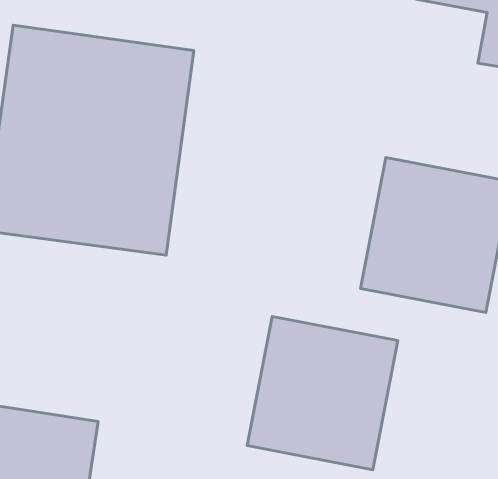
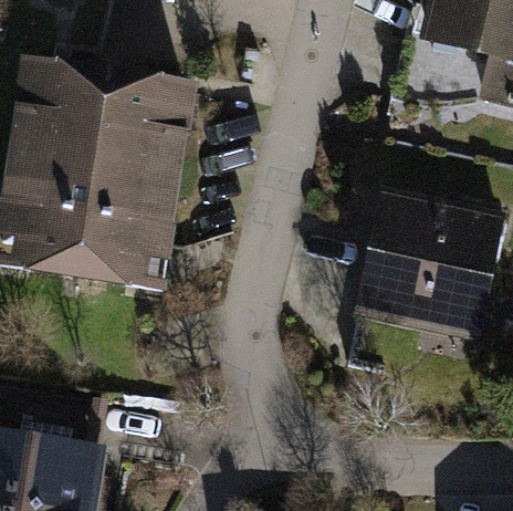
building: [247,316,398,470] -> none

